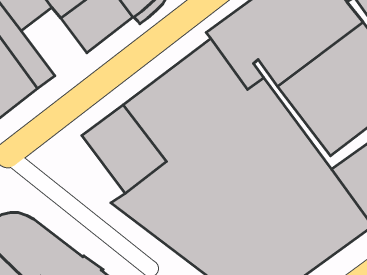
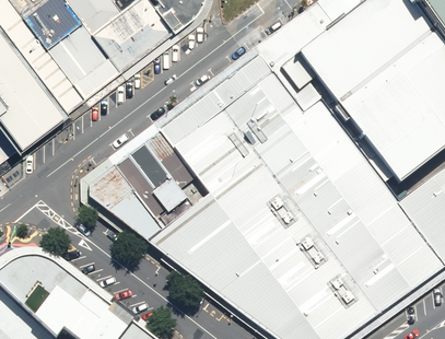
building: none -> [46,21,120,98]
building: none -> [90,166,164,243]

